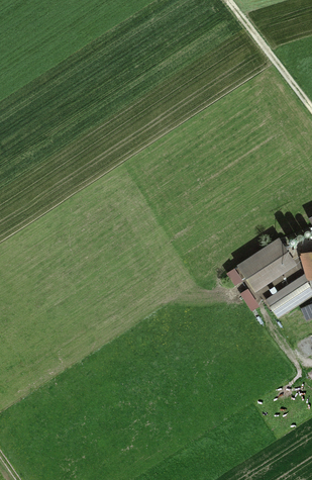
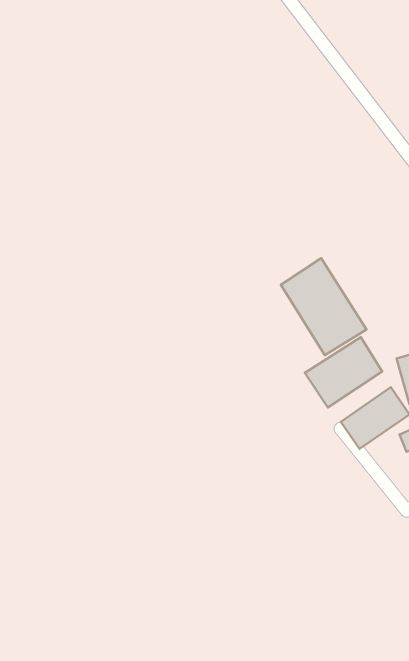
building: none -> [281,258,367,355]

